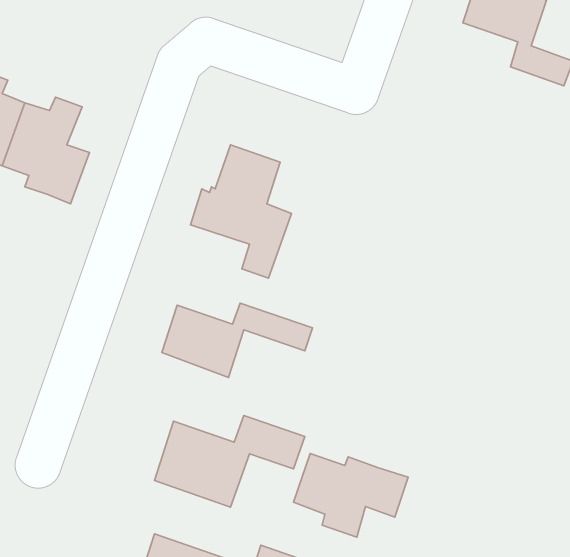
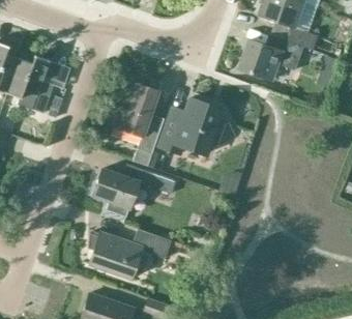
building: none -> [239,38,304,81]
building: none -> [159,98,234,154]
building: [293,453,408,537] -> none

